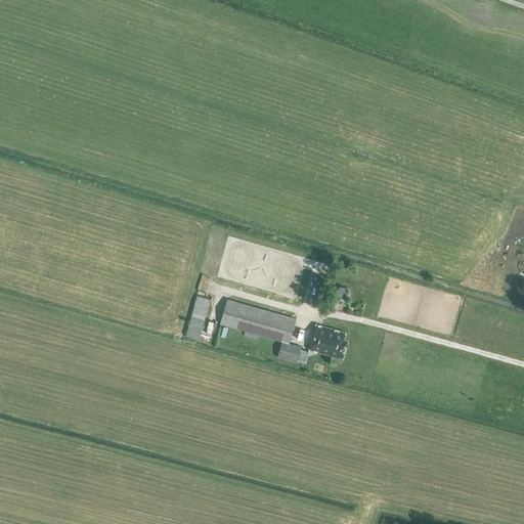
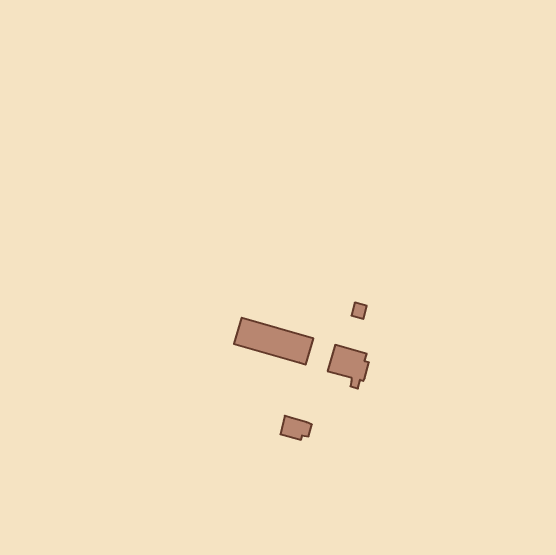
building: [185,296,211,341] -> none
building: [277,342,307,364] -> [280,416,312,440]

